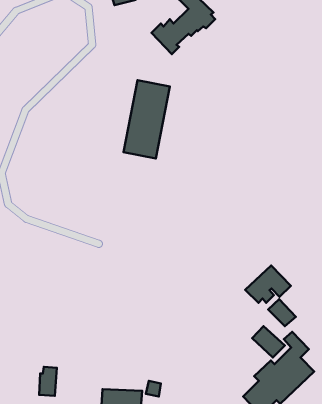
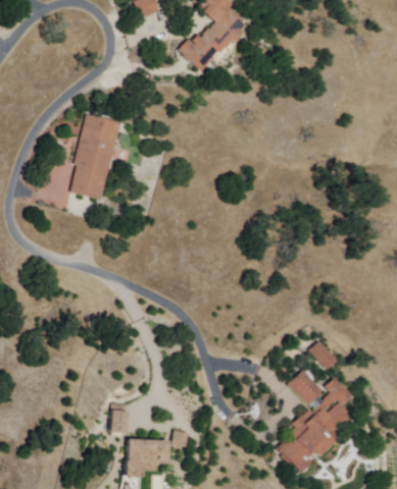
building: [123,80,170,159] -> [70,111,121,198]
building: [245,265,291,303] -> none
building: [39,367,57,396] -> [107,403,127,435]

